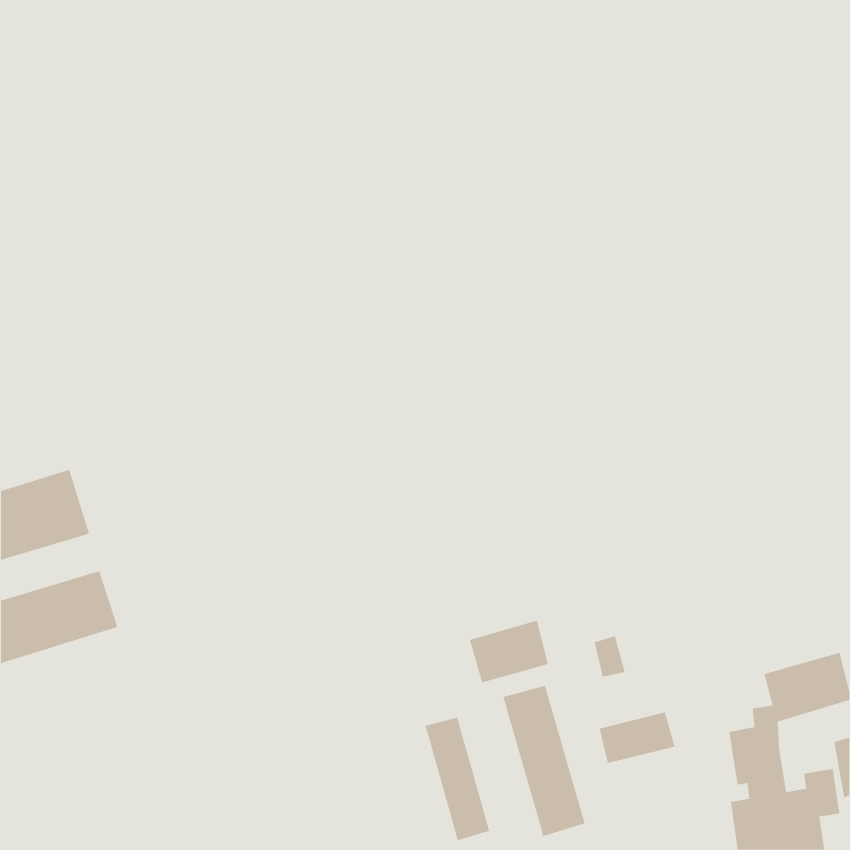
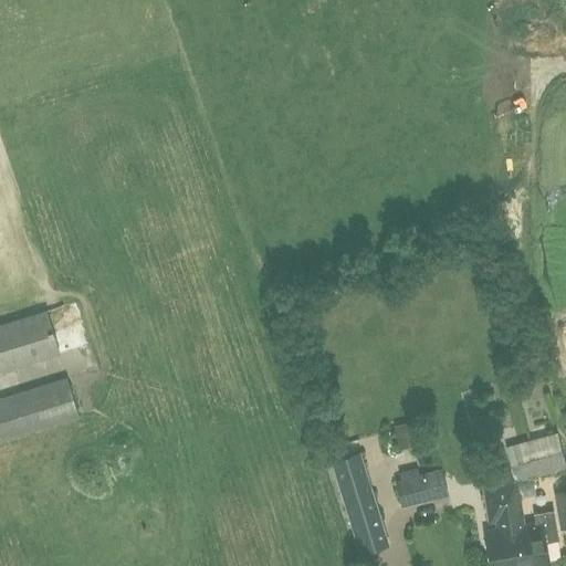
building: [469,620,549,683] -> none
building: [424,717,490,841] -> none

